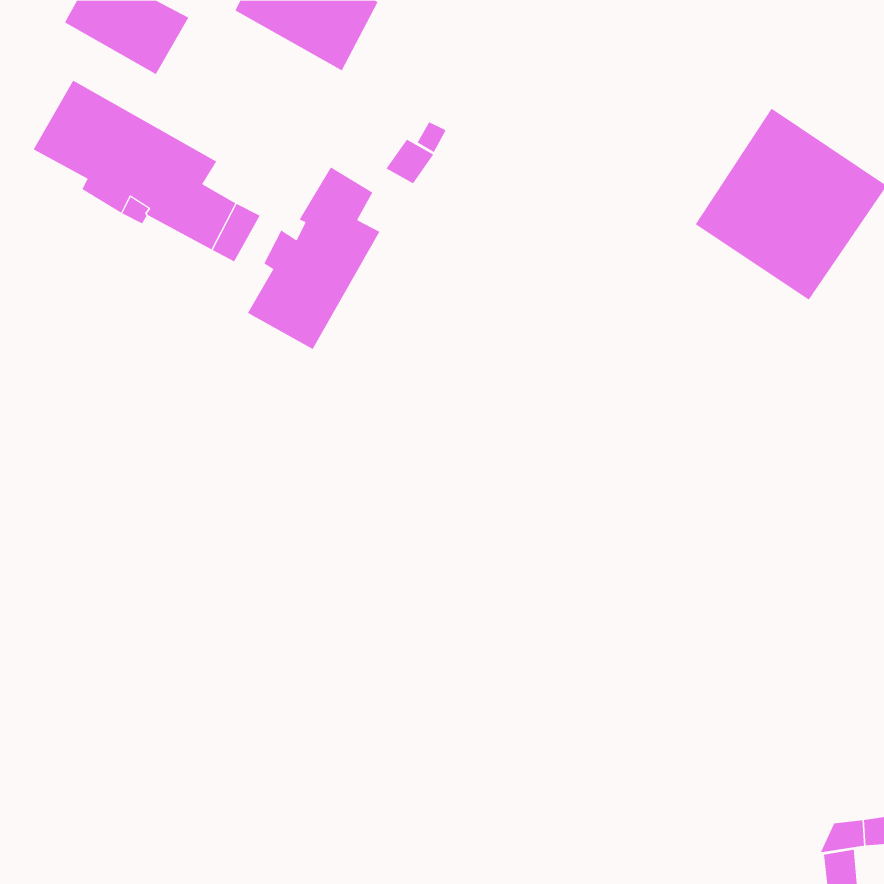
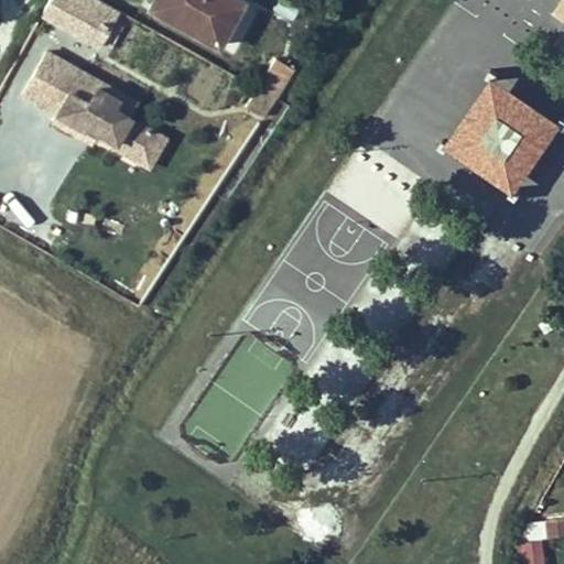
building: [247,166,380,350] -> none

